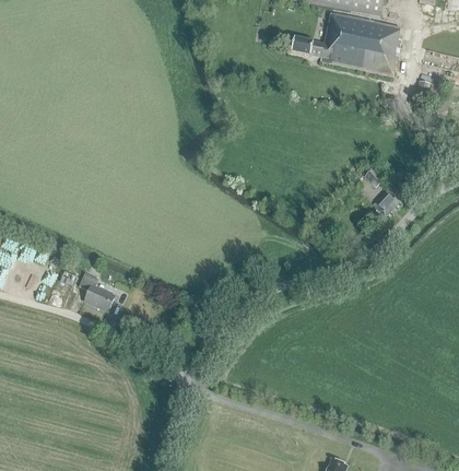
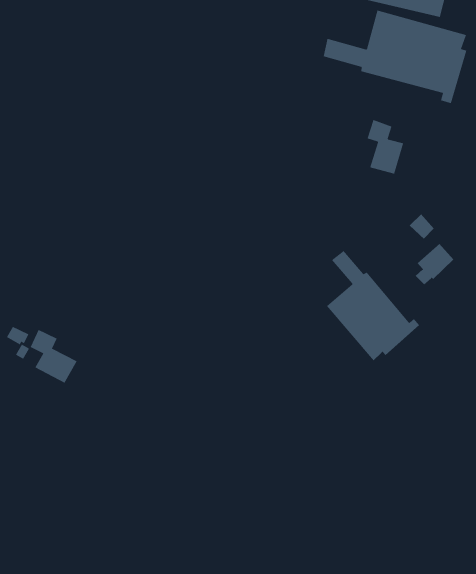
building: none -> [367,119,404,174]
building: none -> [326,250,420,361]

